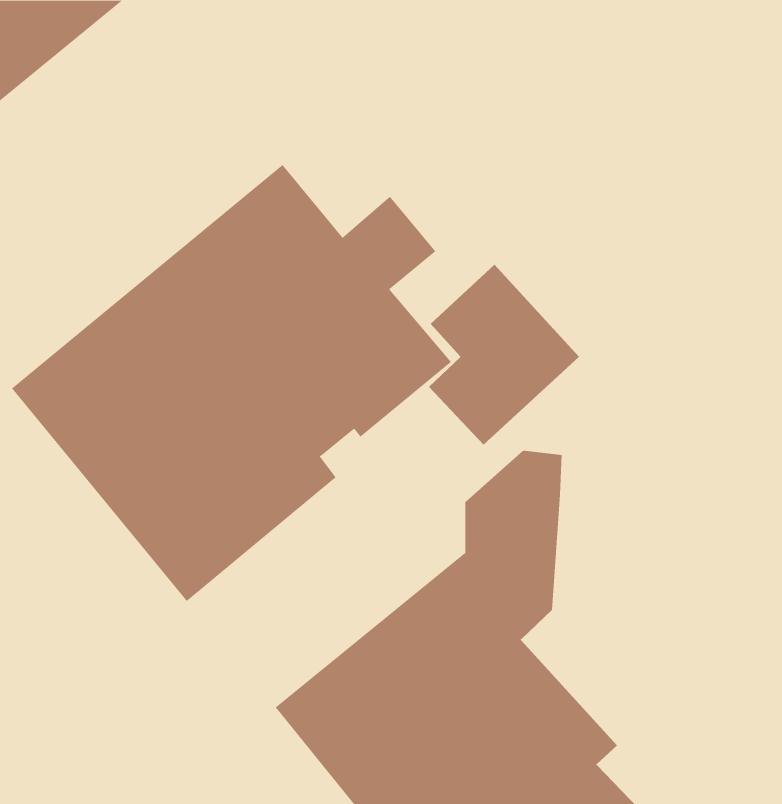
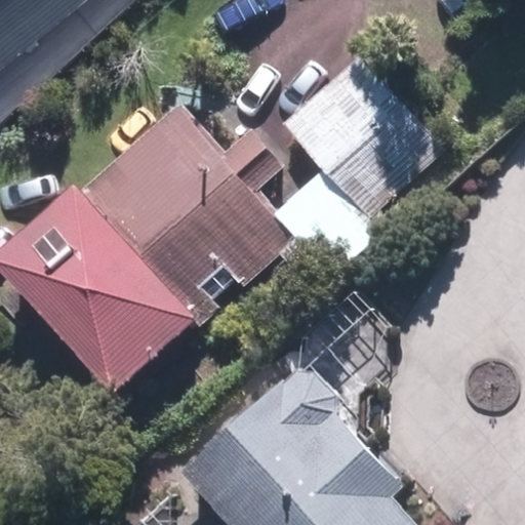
building: none -> [282,55,443,215]

